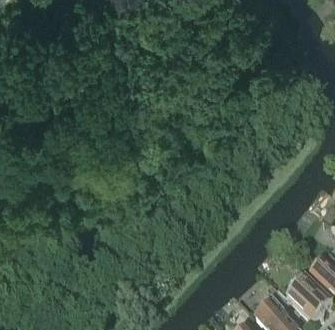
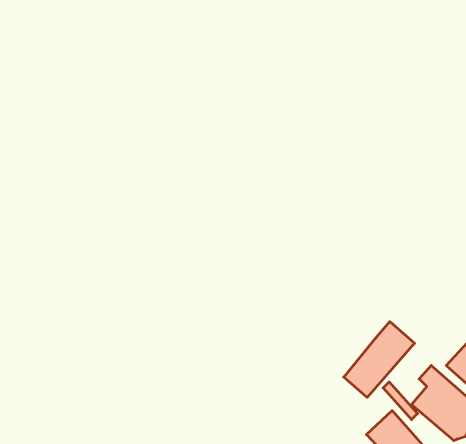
building: none -> [344,322,415,397]

